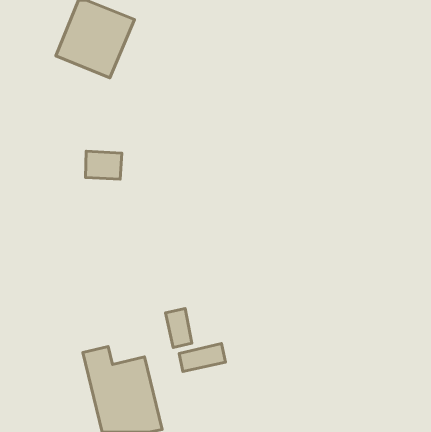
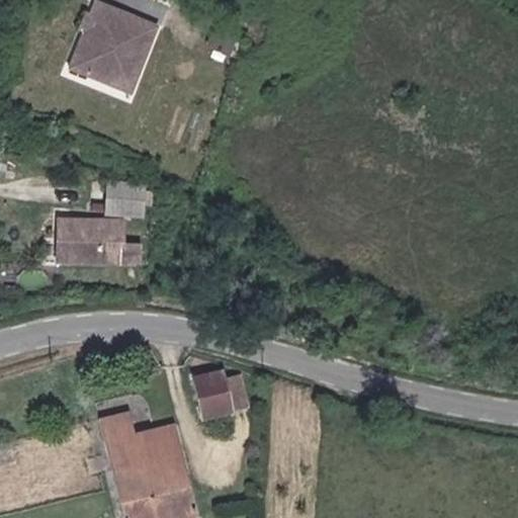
building: none -> [60,220,143,263]
building: [179,343,226,371] -> none

